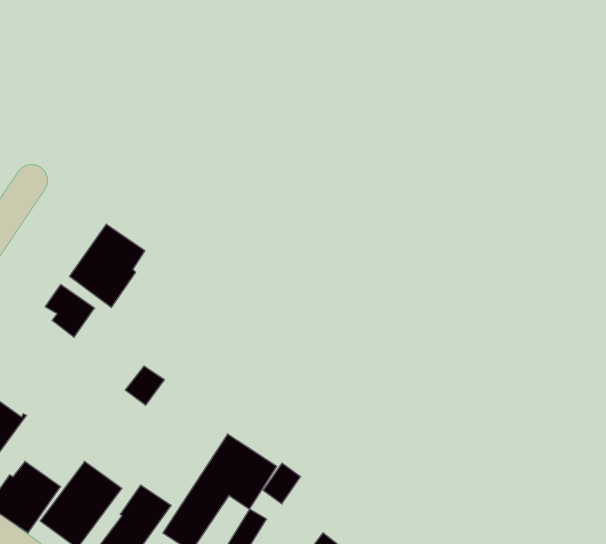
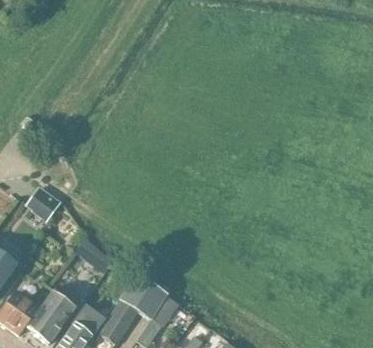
building: [70,224,145,308] -> none

